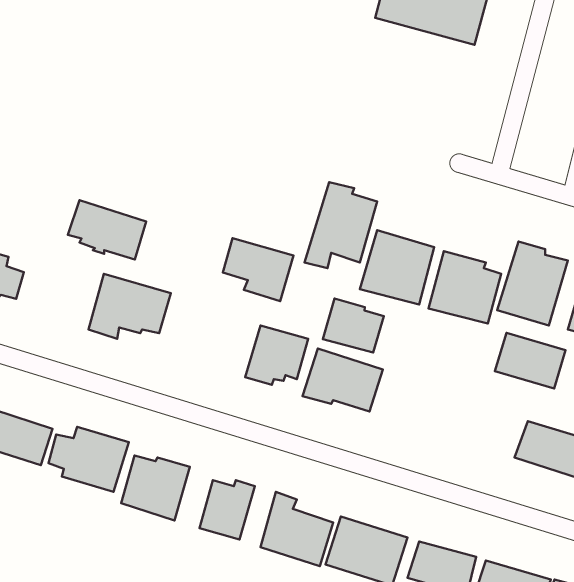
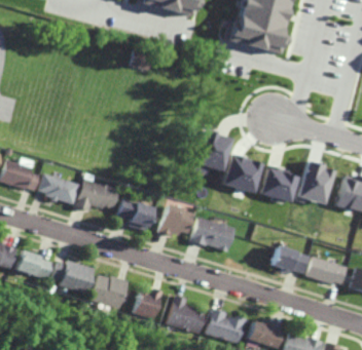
building: [68,200,146,260] -> [38,172,80,204]
building: [223,238,294,301] -> [118,197,156,231]
building: [323,299,384,352] -> none
building: [495,333,566,388] -> [270,244,309,274]

